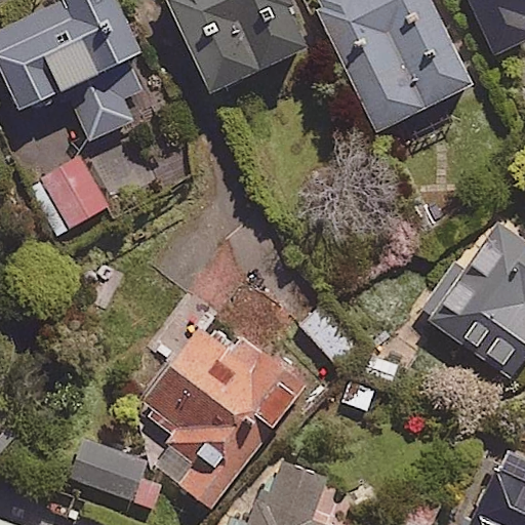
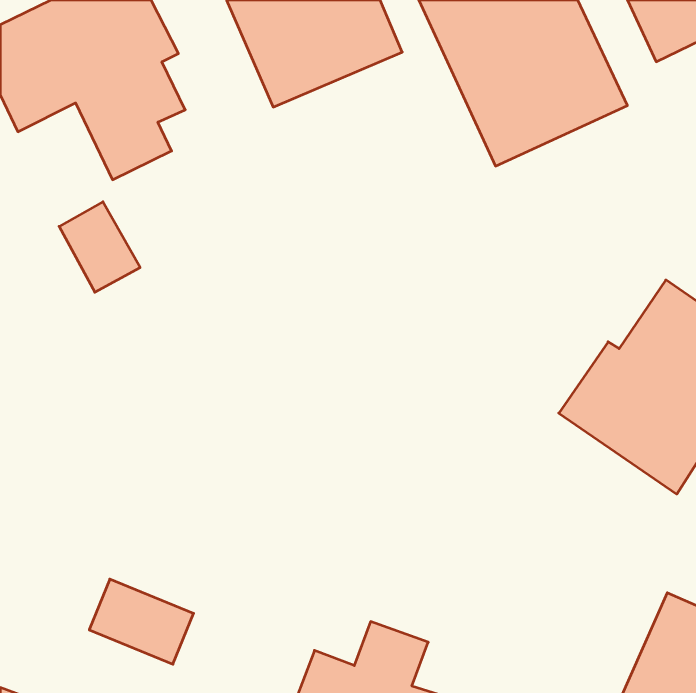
building: [116,317,304,509] -> none

